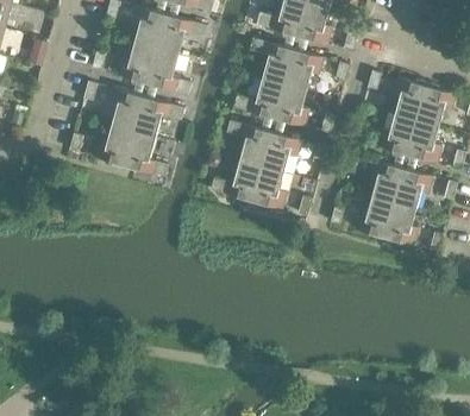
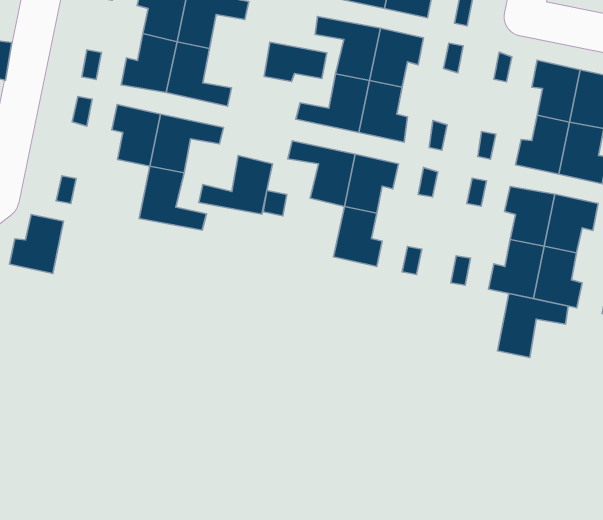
building: none -> [264,42,327,81]
building: [96,125,134,165] -> [10,215,63,274]
building: [212,159,263,200] -> [199,156,273,214]
building: none -> [497,293,568,358]

